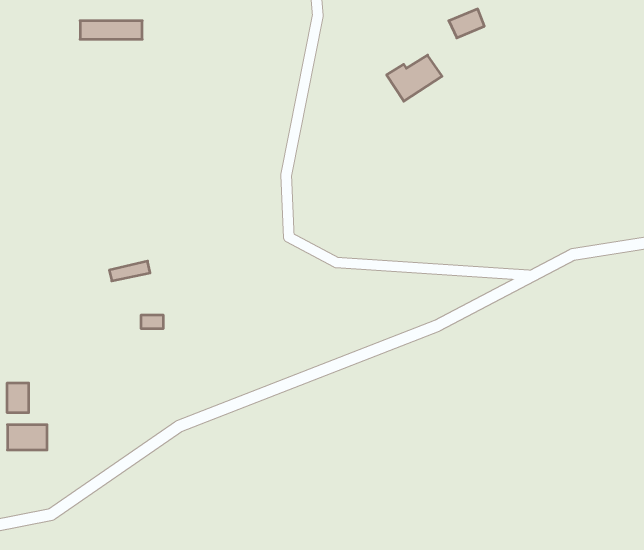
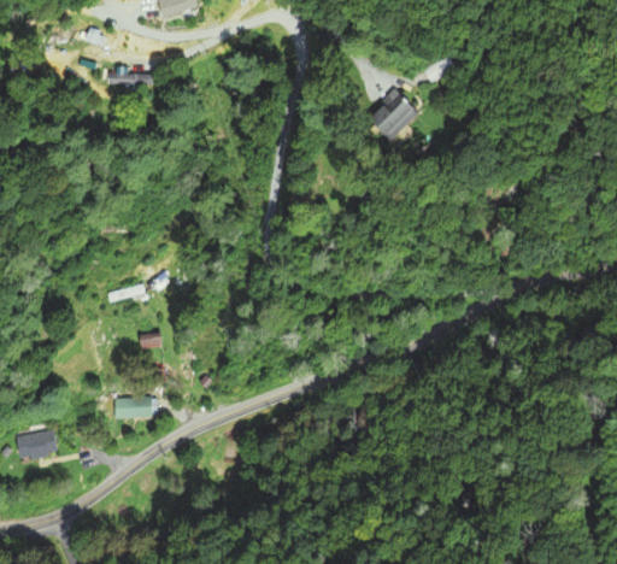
building: [7,383,29,413] -> none
building: none -> [114,396,155,417]

